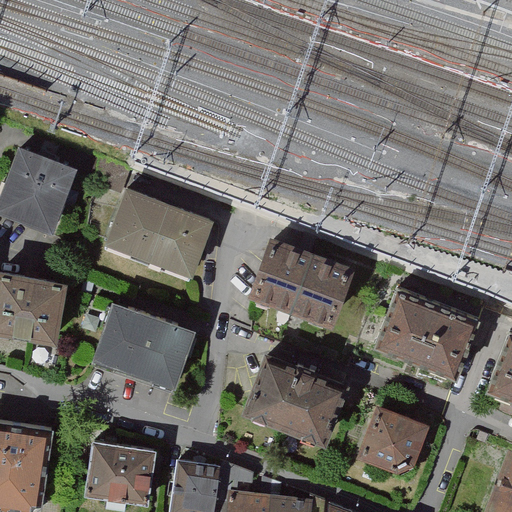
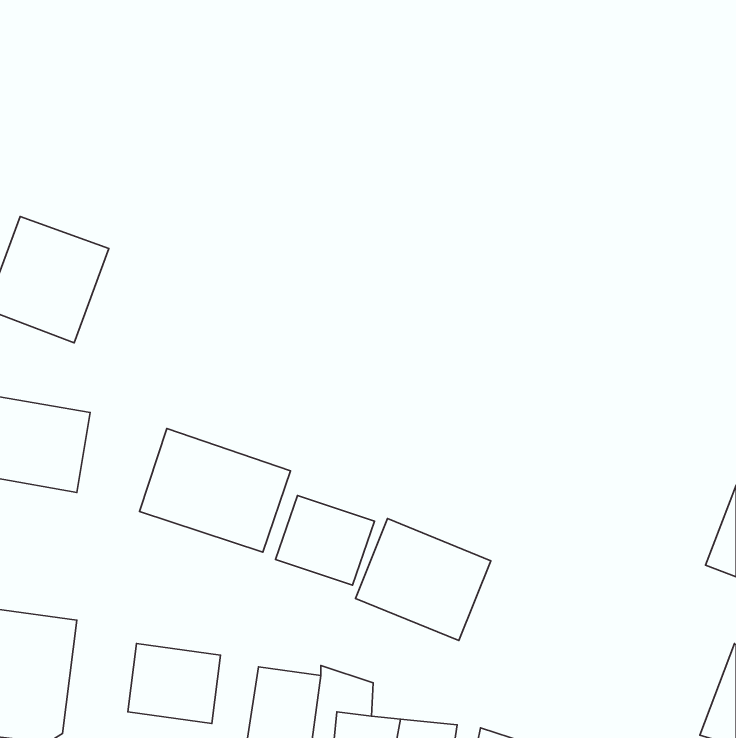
building: [106,193,213,279] -> none
building: [253,241,360,327] -> none
building: [376,291,481,378] -> none
building: none -> [275,495,375,585]
building: [363,407,430,471] -> none

